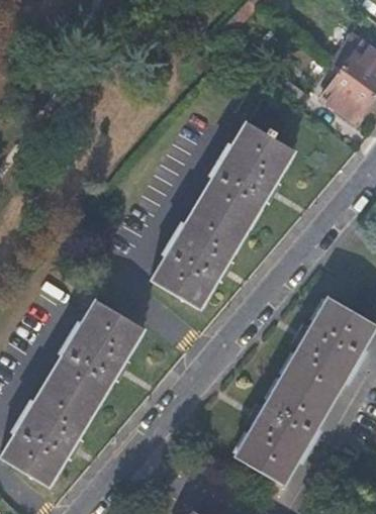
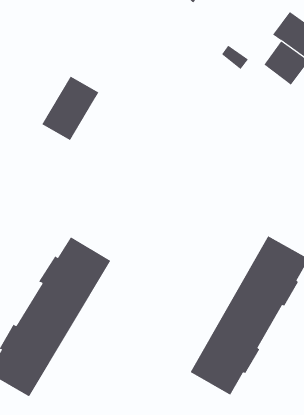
building: [151,98,295,310] -> none
building: none -> [42,76,99,141]

